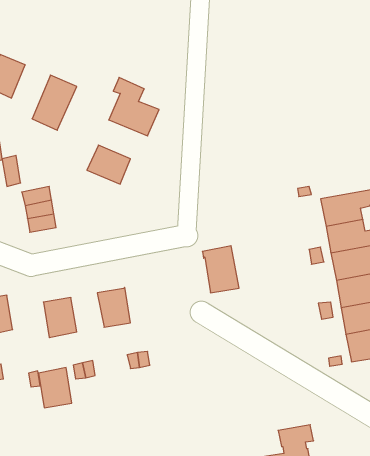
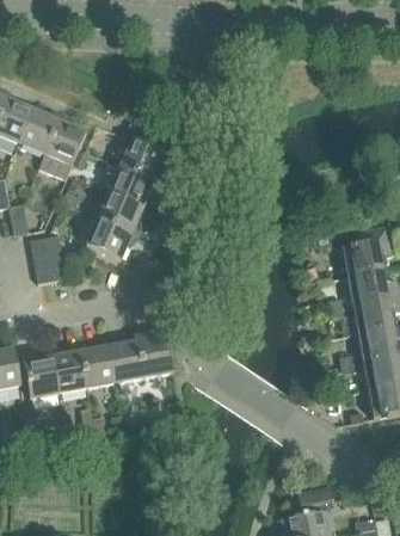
building: none -> [19,109,60,154]
building: none -> [110,166,161,207]
building: none -> [87,218,133,260]
building: [202,246,239,293] -> [135,328,173,377]
building: none -> [81,346,116,387]
building: [39,368,72,408] -> [24,356,59,398]

